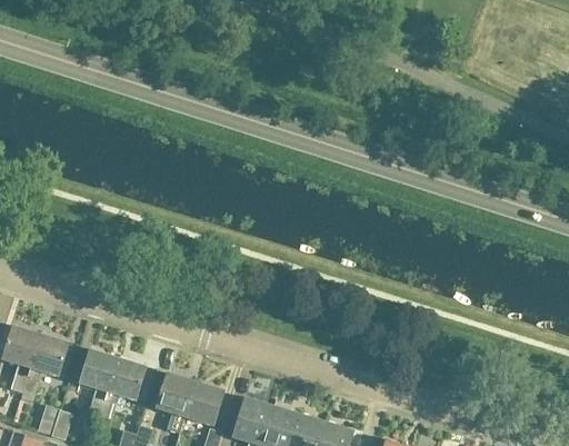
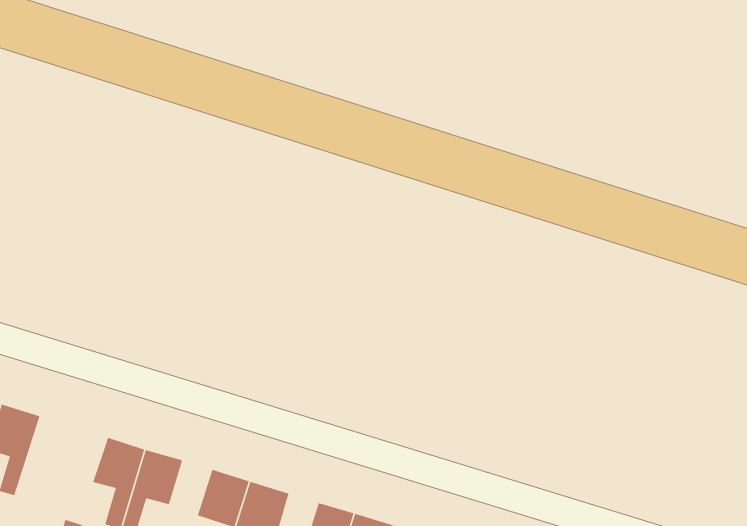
building: [22,335,69,397] -> none

